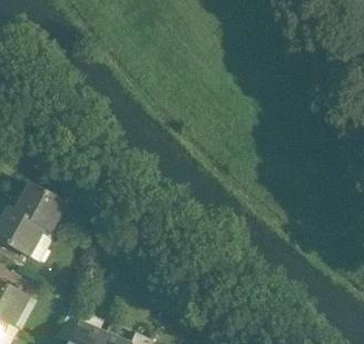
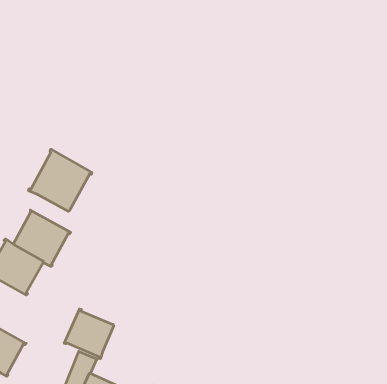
building: none -> [29,149,92,211]
building: none -> [64,309,114,359]

